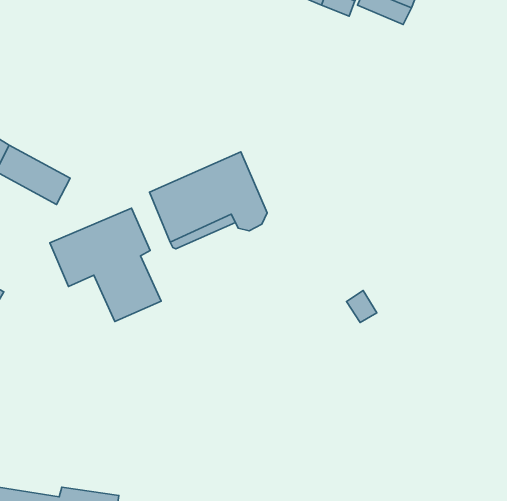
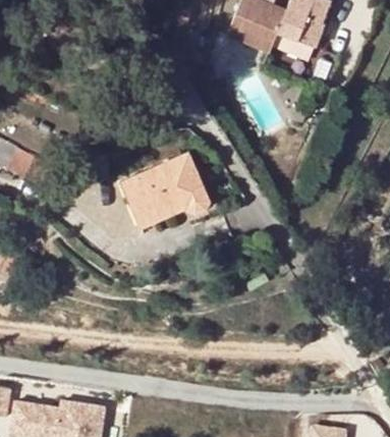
building: [50,208,161,321] -> none

